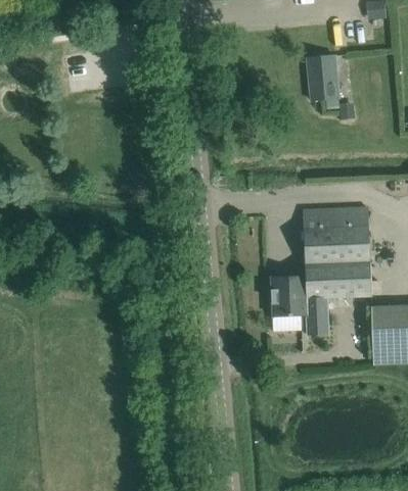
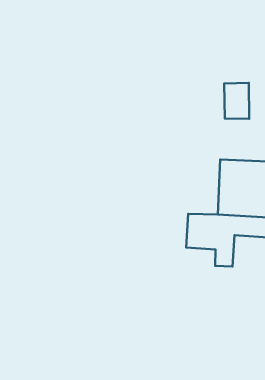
building: [307,55,339,99] -> [224,83,249,119]

